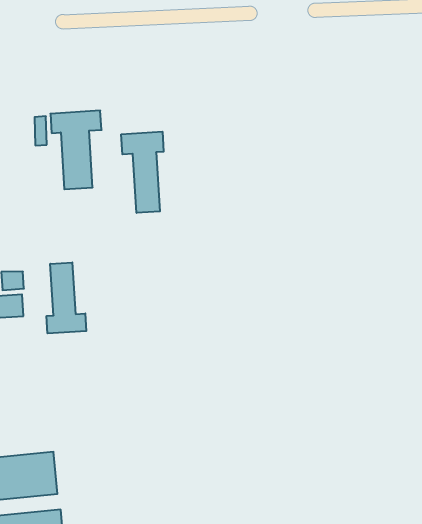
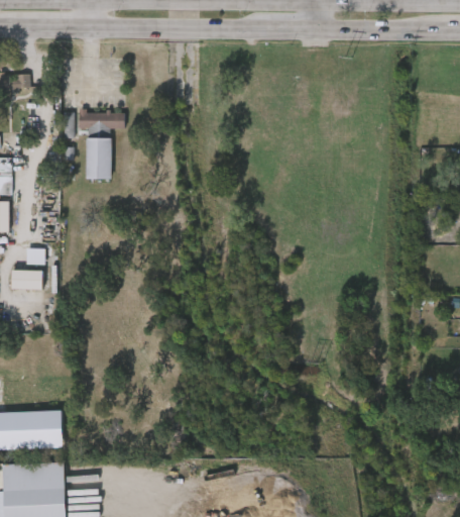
building: [121,132,164,213] -> none
building: [47,262,86,333] -> none

